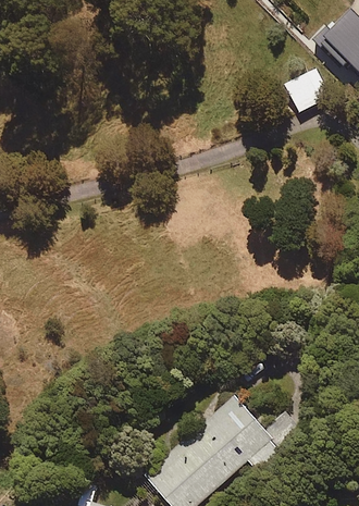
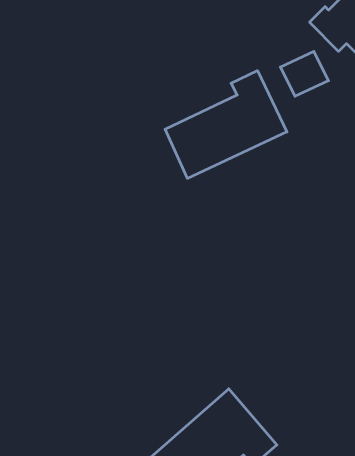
building: none -> [165,71,287,178]

